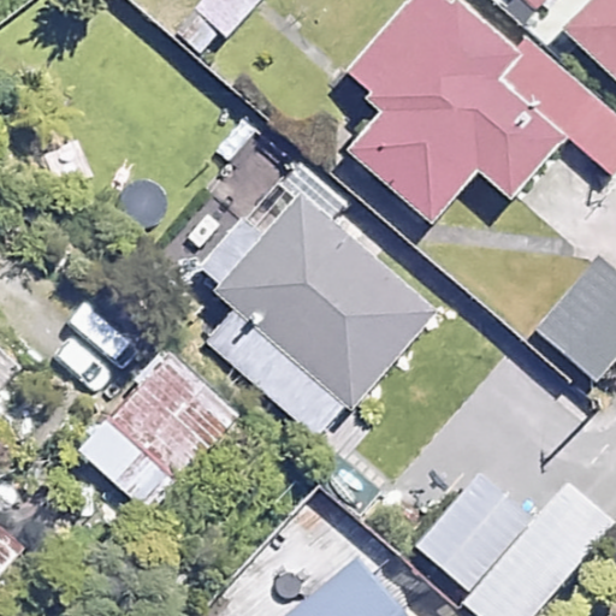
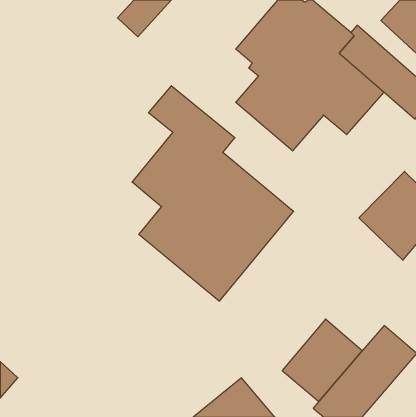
building: [77,353,241,521] -> none

